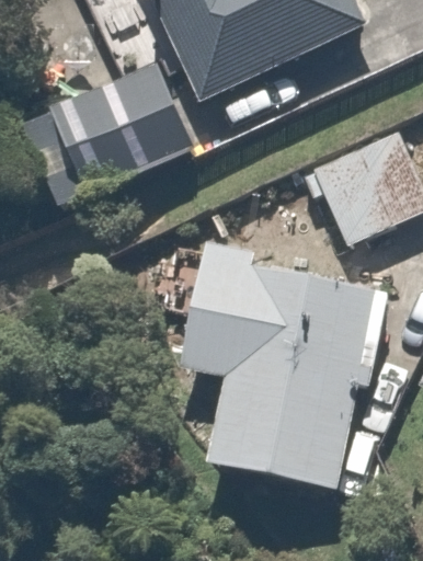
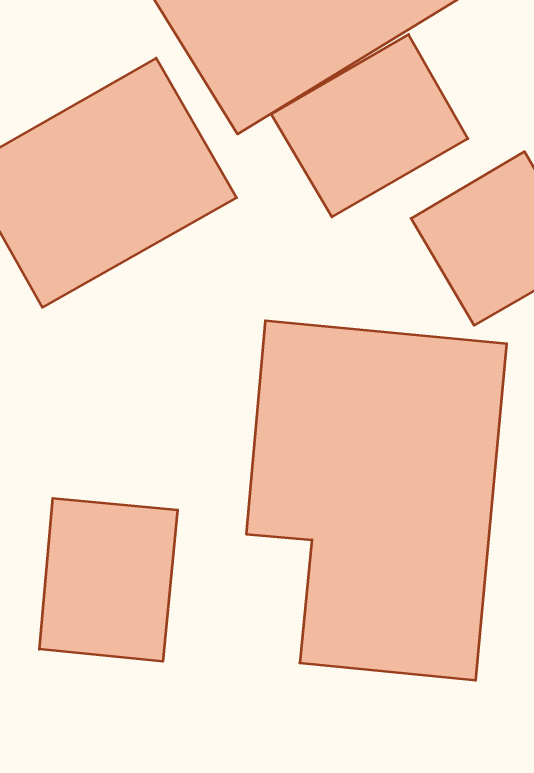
building: none -> [271,34,468,217]
building: none -> [39,498,178,661]

